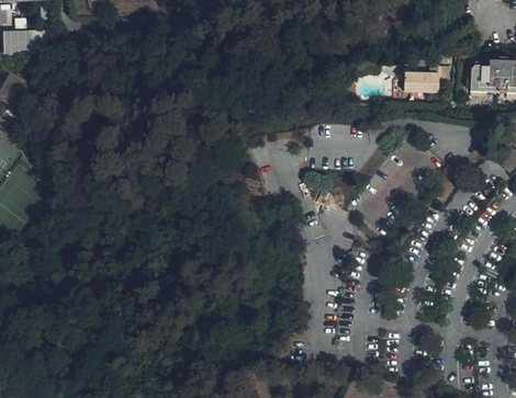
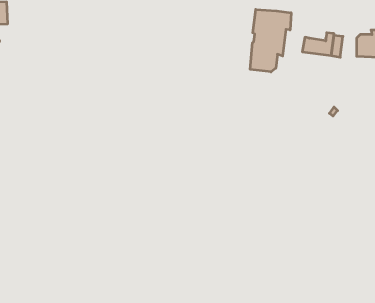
building: none -> [250,9,291,72]

